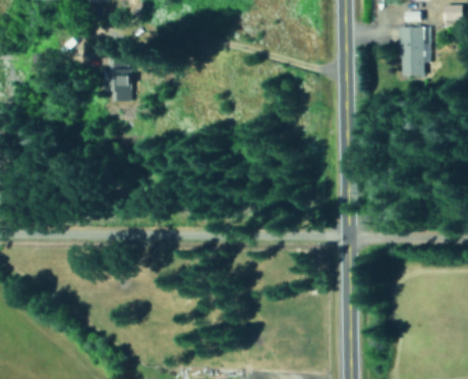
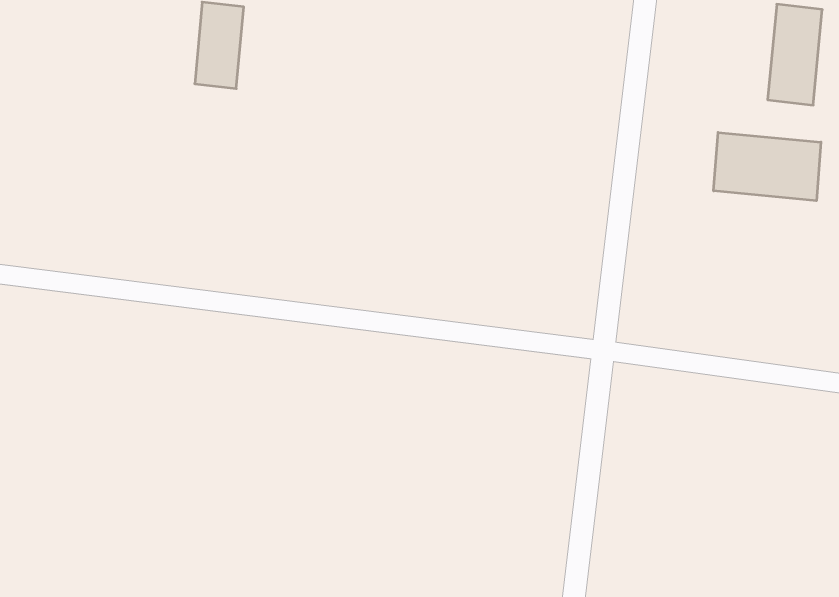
building: none -> [714,132,821,201]

